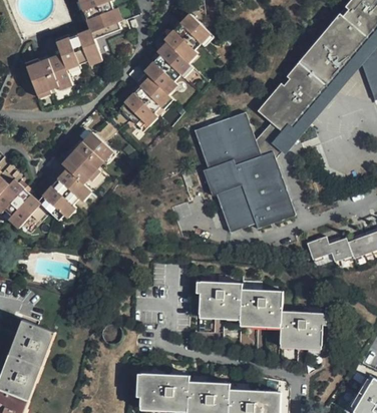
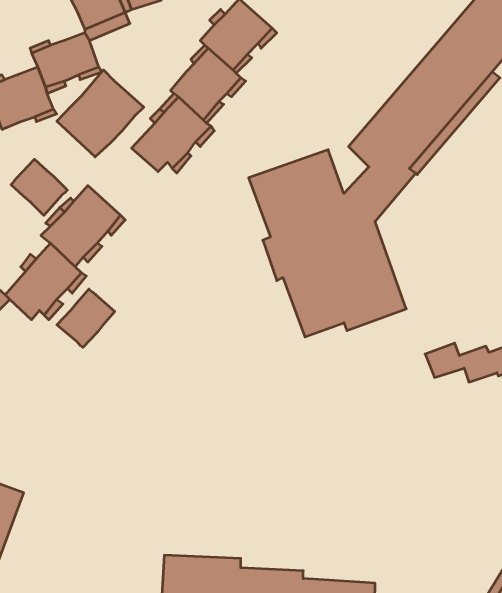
building: none -> [57,70,144,157]
building: none -> [11,159,67,215]
building: none -> [57,289,115,347]
building: [198,282,321,345] -> none

